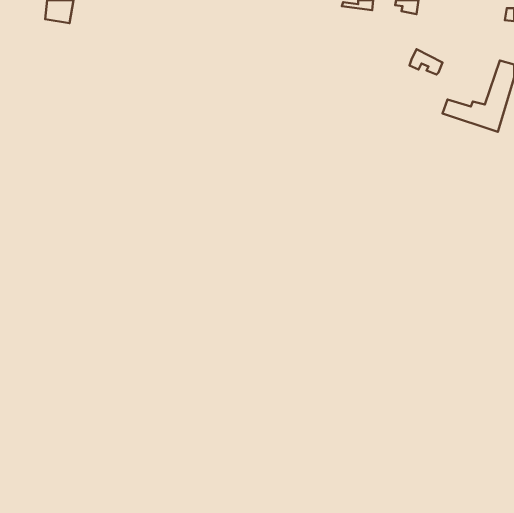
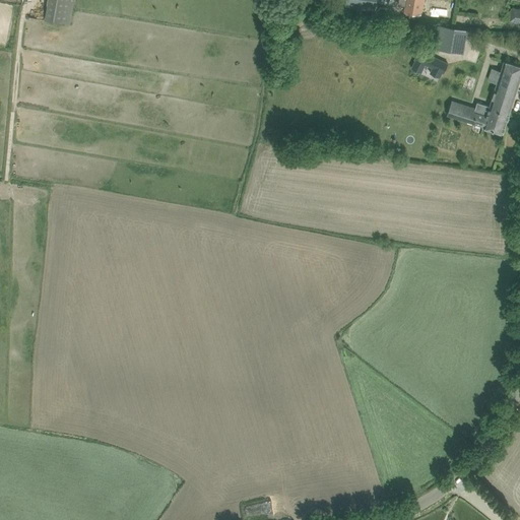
building: none -> [437,26,467,54]

